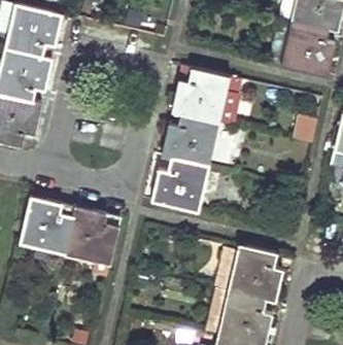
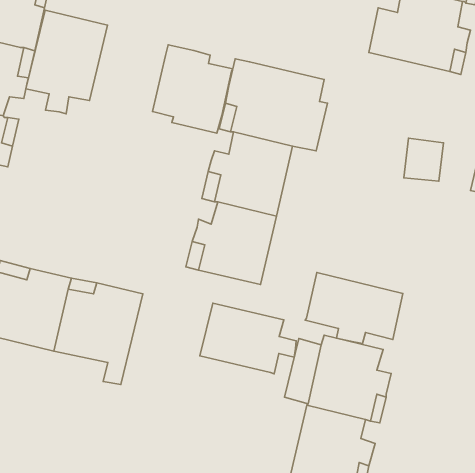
building: none -> [26,10,107,114]
building: none -> [153,45,233,133]
building: none -> [305,272,403,343]
building: none -> [200,303,296,374]

